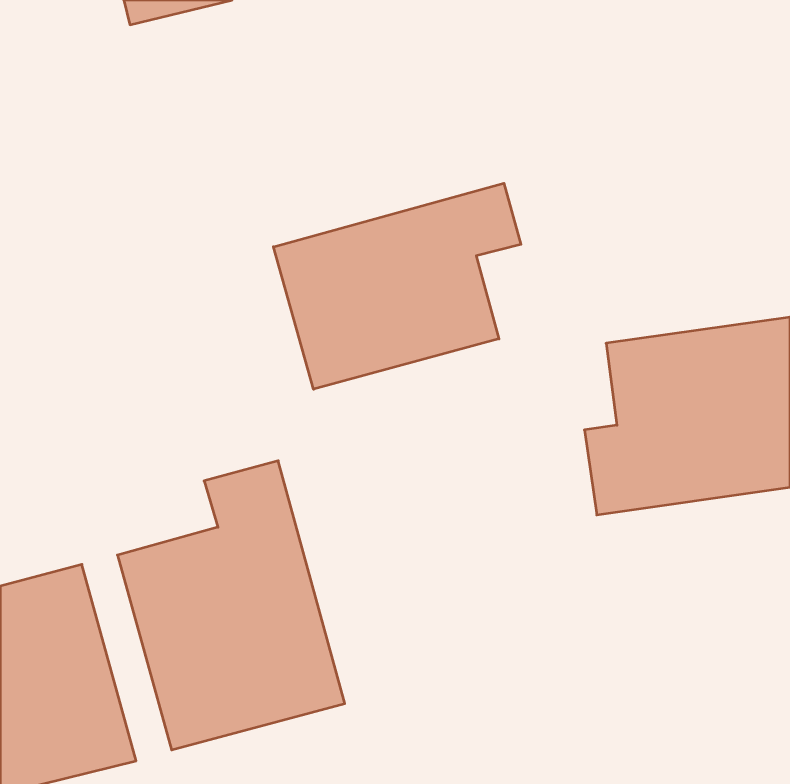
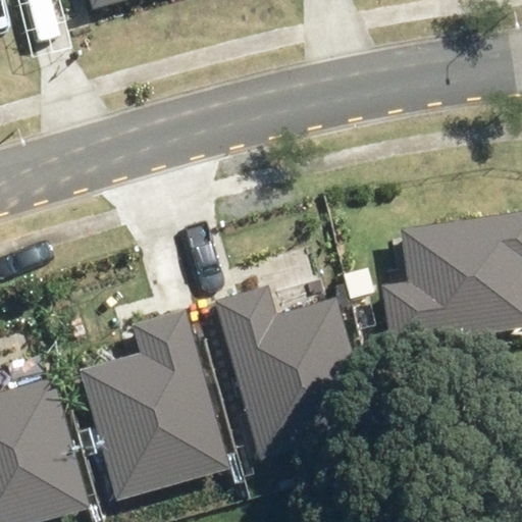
building: [273,183,521,389] -> none
building: none -> [212,282,371,456]

